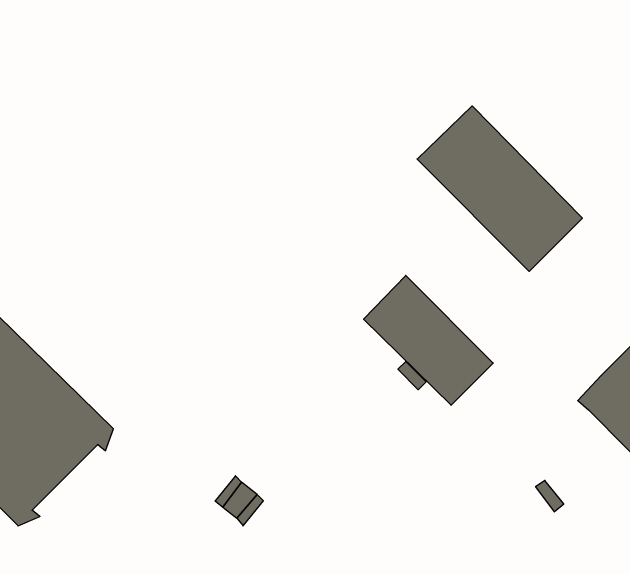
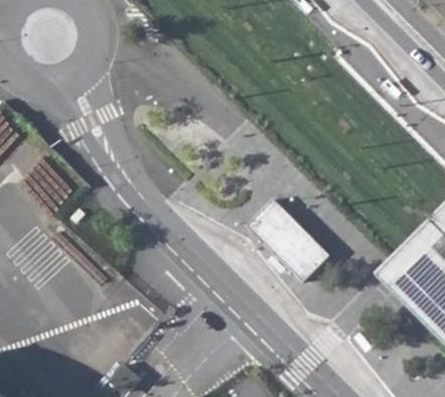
building: [417,106,582,271] -> none

